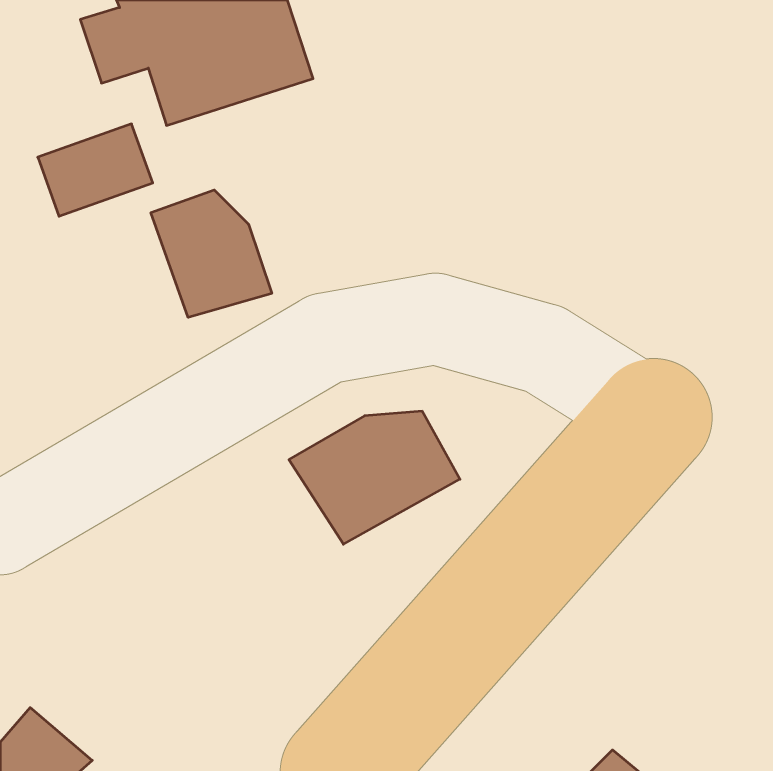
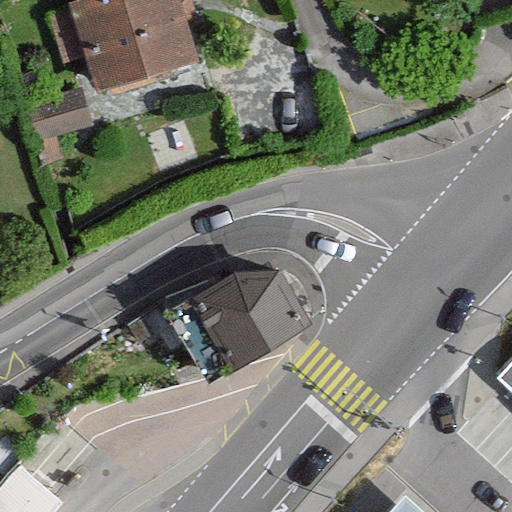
building: [151,190,272,317] -> none

